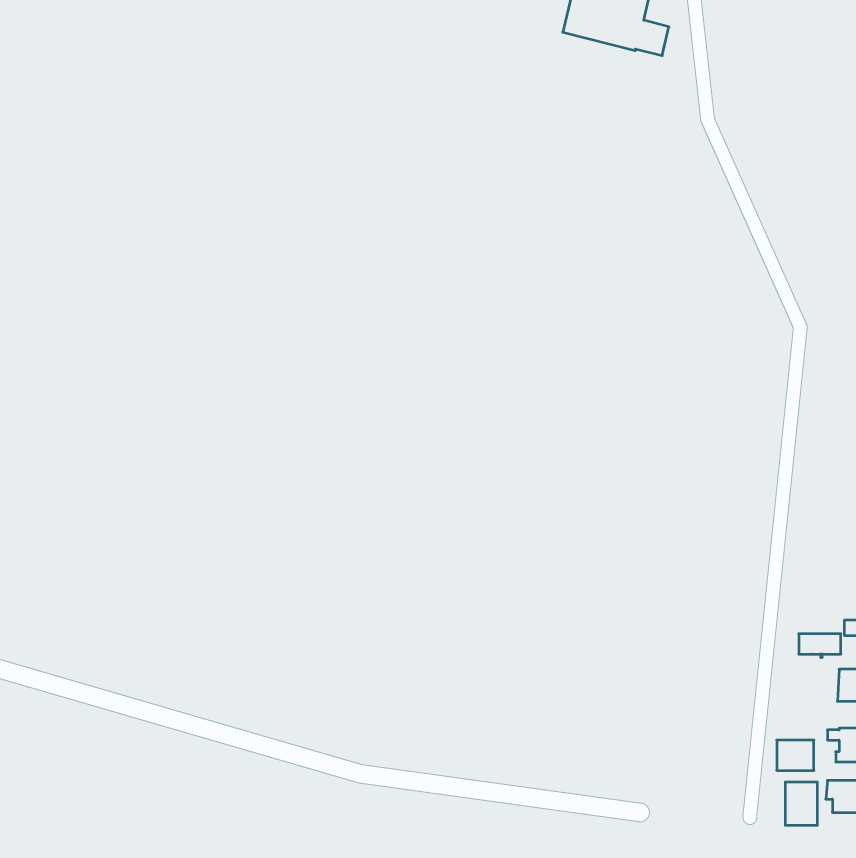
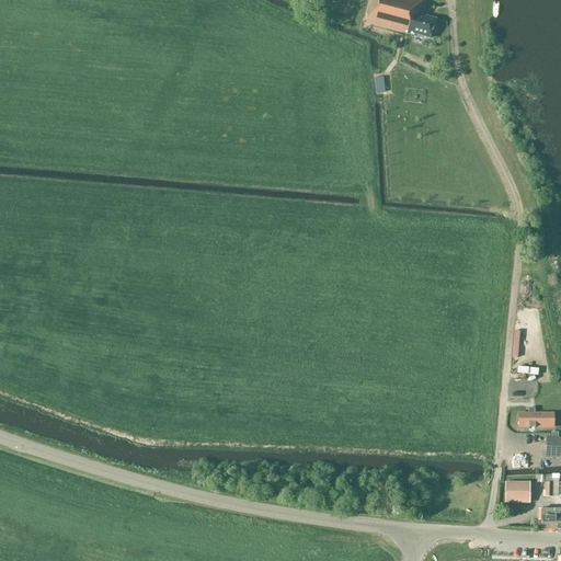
building: [785,782,817,825] -> none

